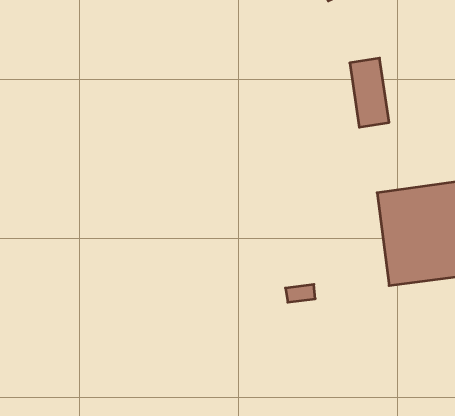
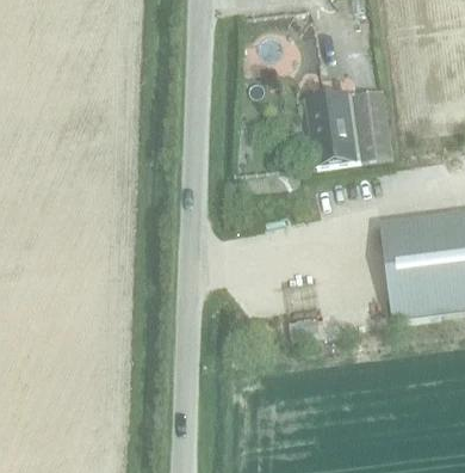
building: none -> [308,85,362,159]

